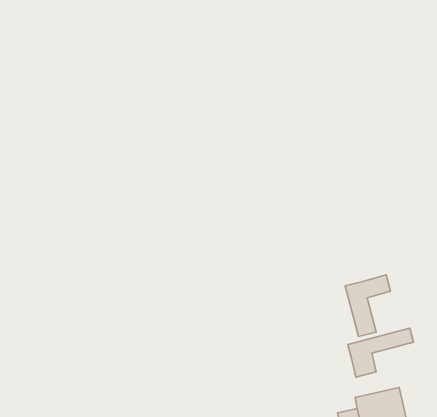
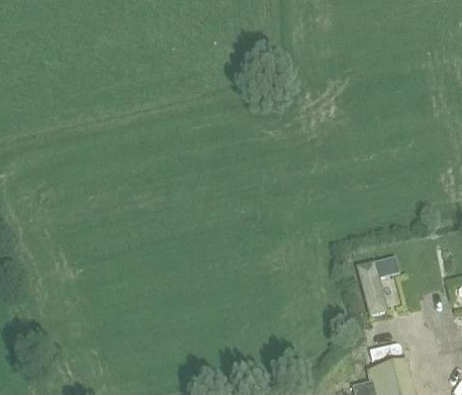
building: [348,328,414,377] -> none

